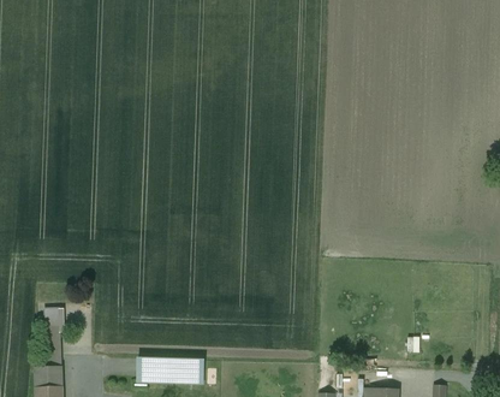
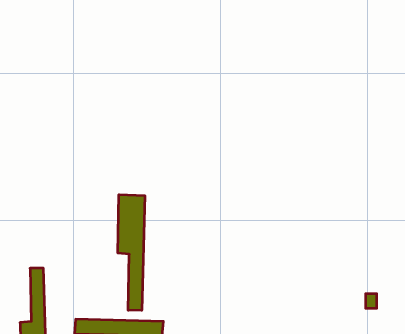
building: none -> [118,195,145,310]

